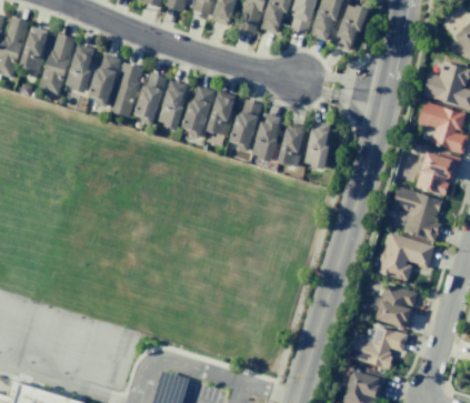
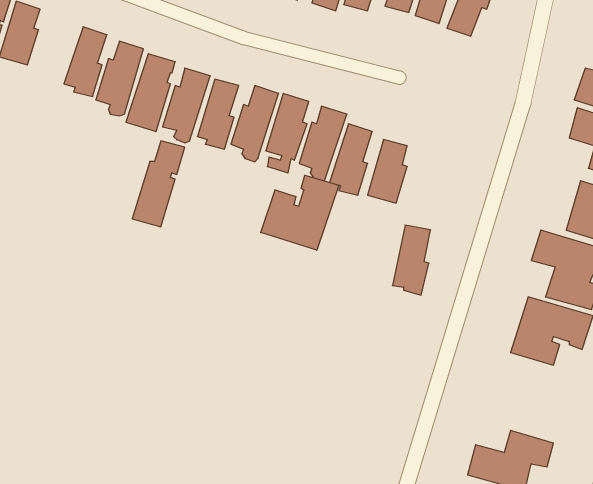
building: [39,33,76,93] -> [132,141,185,227]
building: [304,120,331,169] -> [392,225,431,295]
building: none -> [261,175,339,250]
building: [372,283,419,329] -> none

